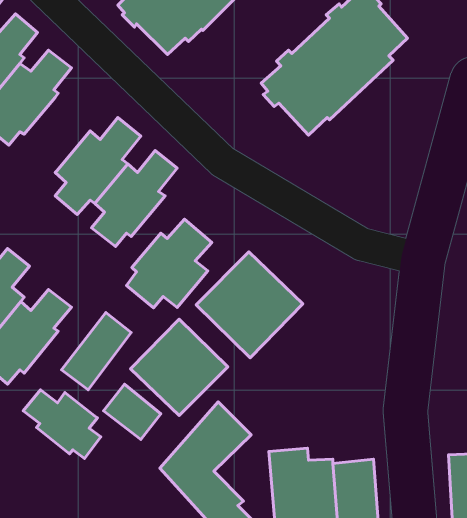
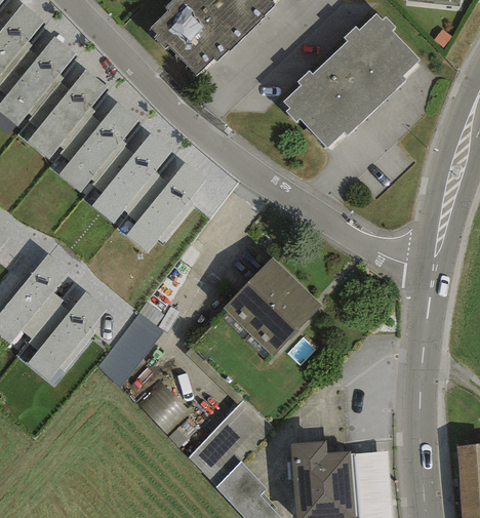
building: none -> [58,102,137,192]
building: [127,219,212,308] -> none
building: [130,319,228,415] -> none
building: [23,390,101,459] -> none

